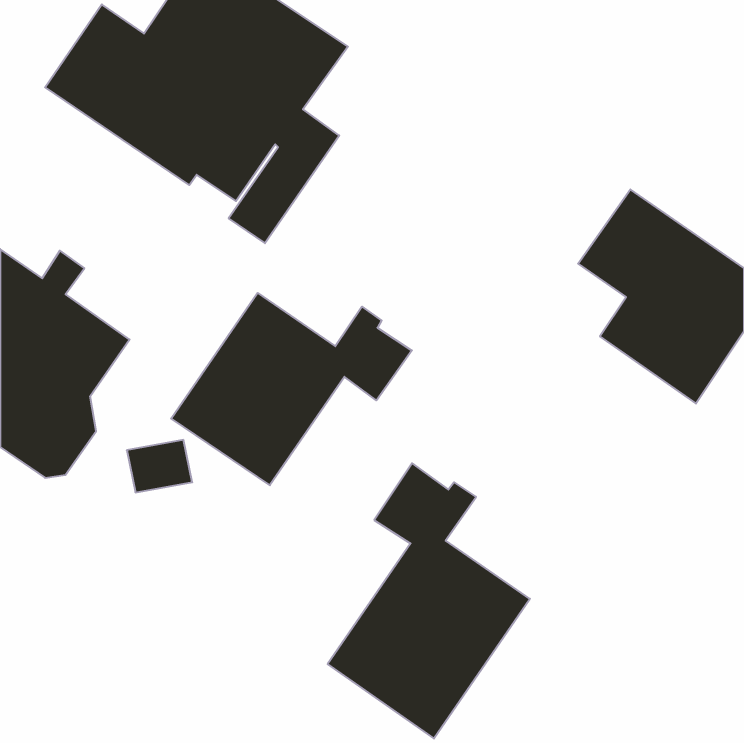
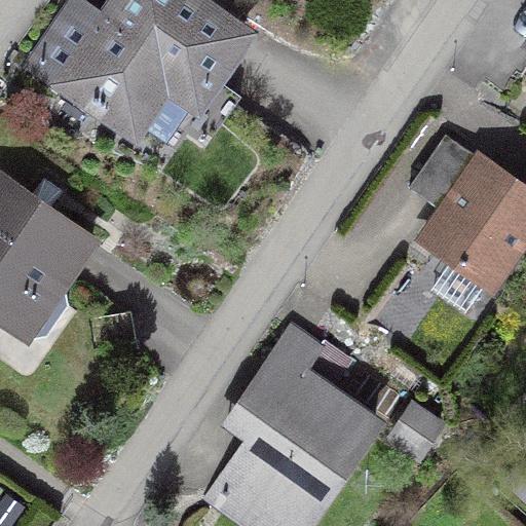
building: [171,293,412,485] -> none

